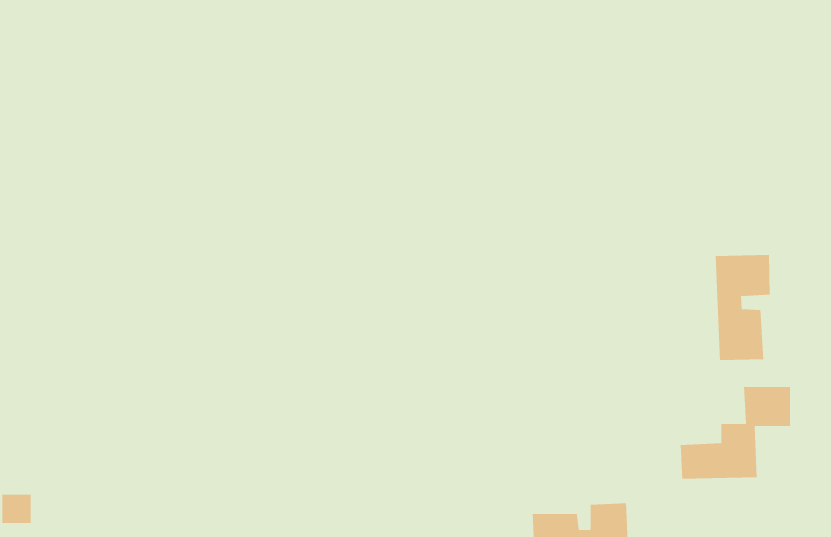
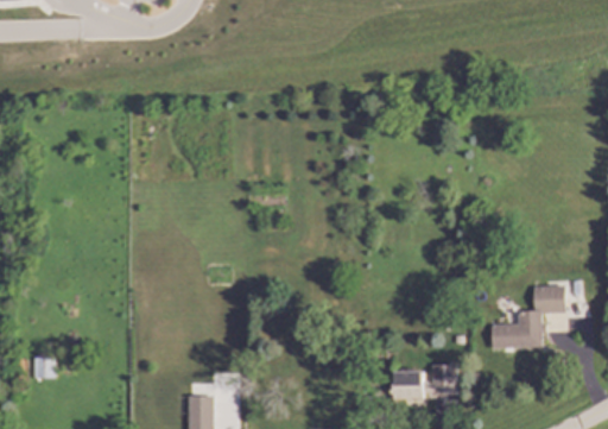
building: [715,254,770,361] -> none

